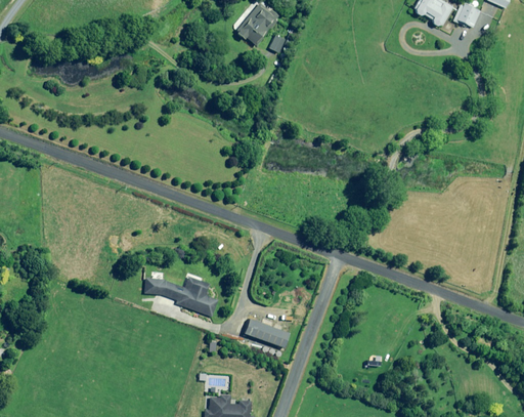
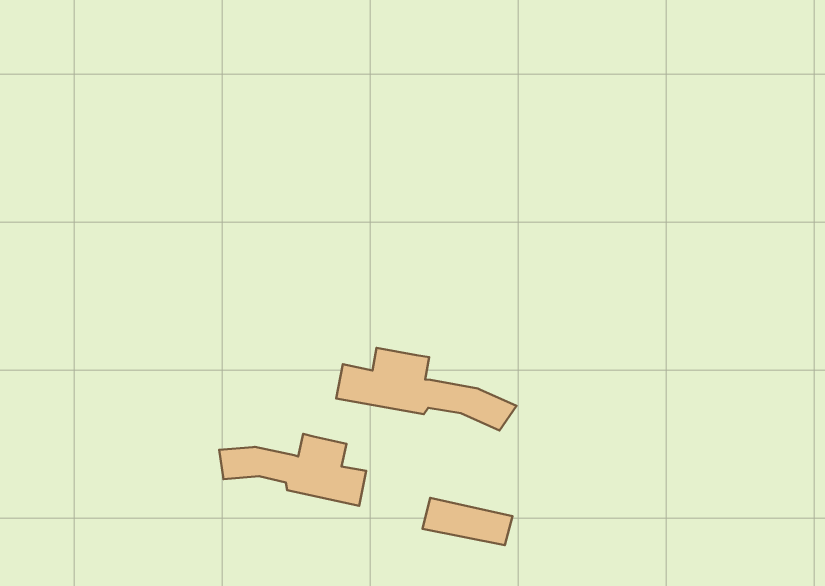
building: none -> [336,348,516,431]

